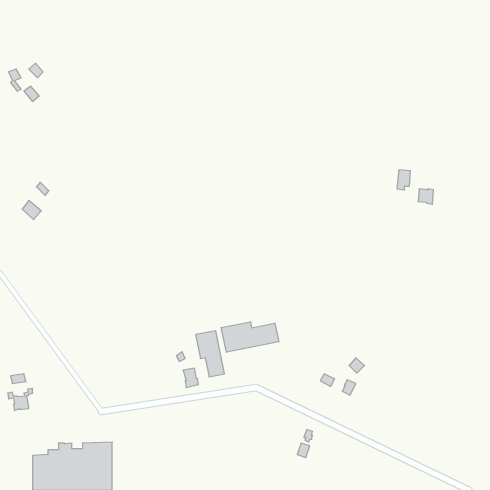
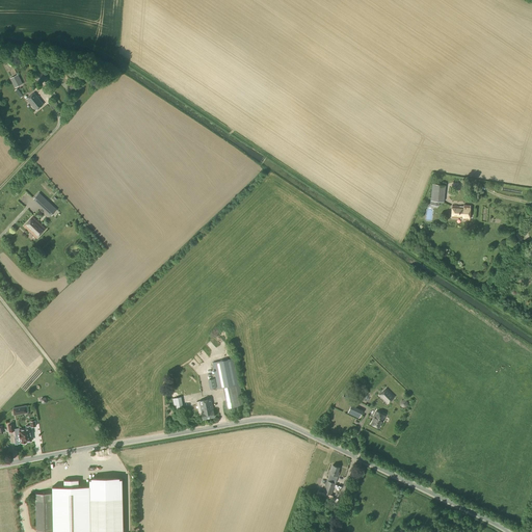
building: [221,322,279,352] -> none

